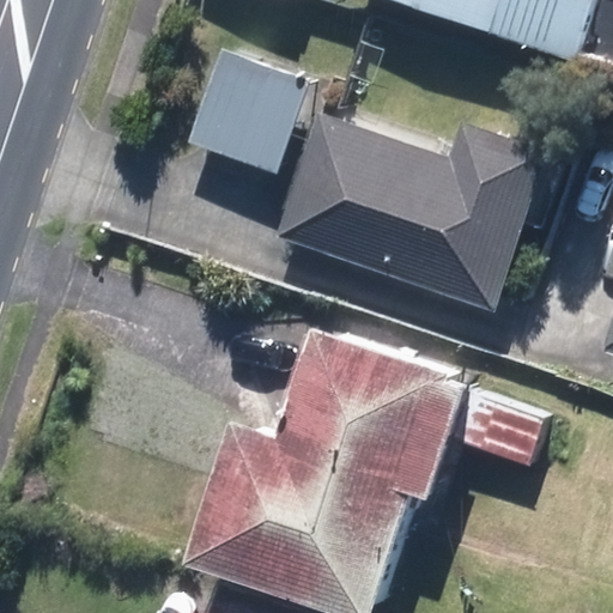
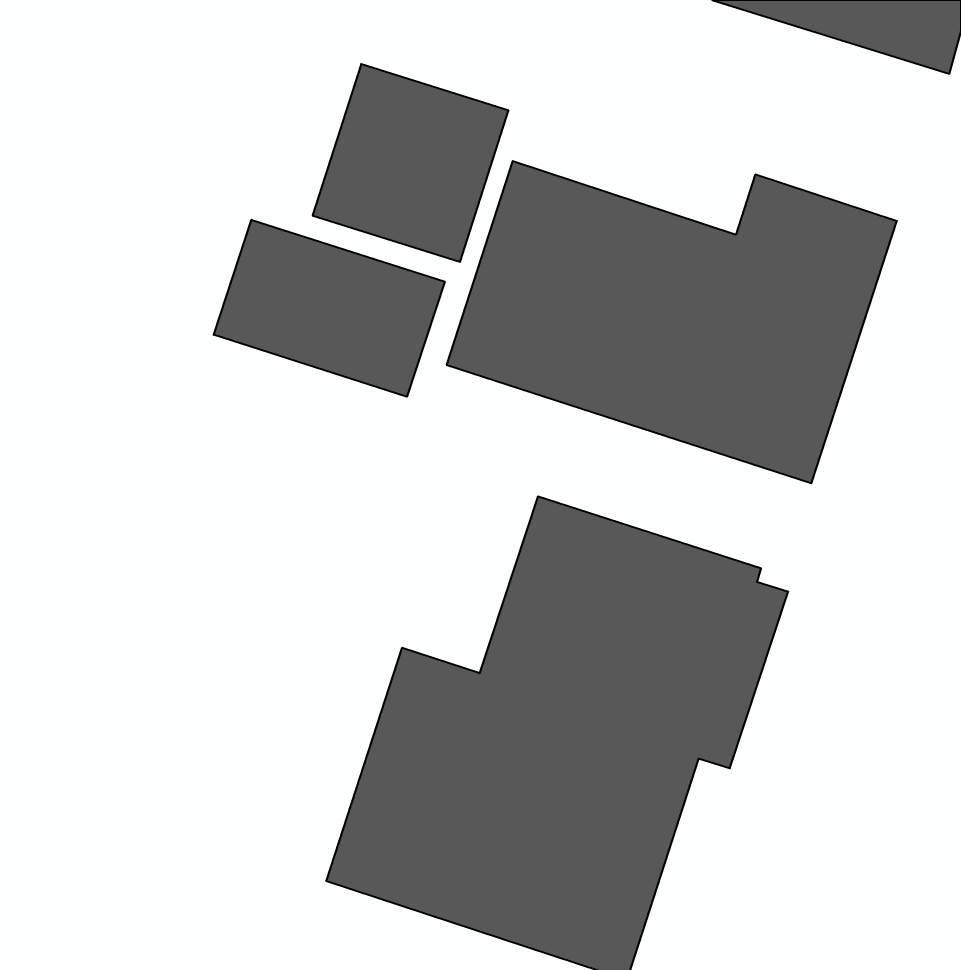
building: none -> [214,220,445,397]

